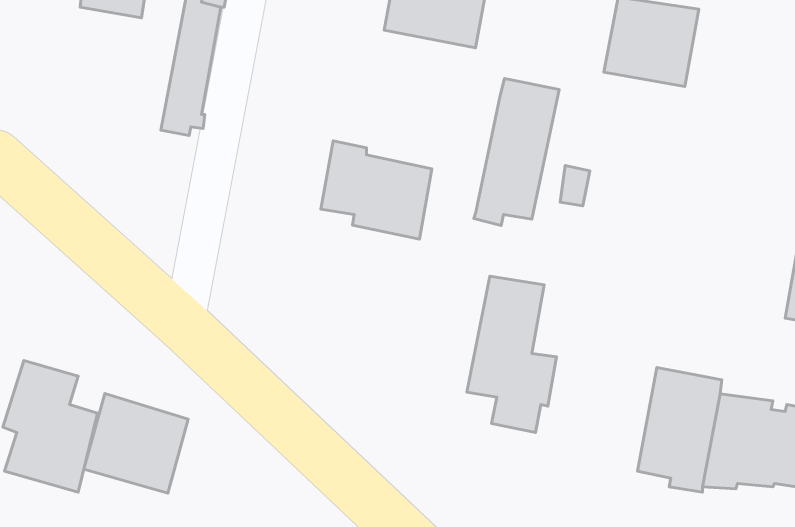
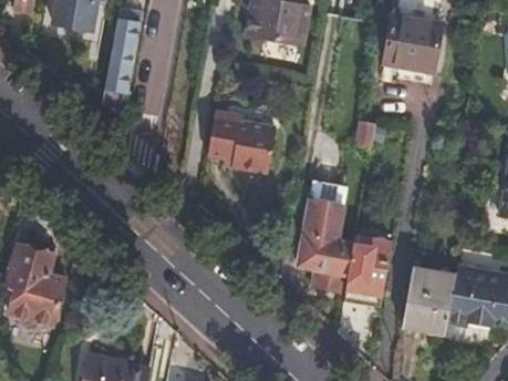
building: [474,78,559,225] -> none
building: none -> [343,238,390,307]
building: [84,394,188,493] -> none

